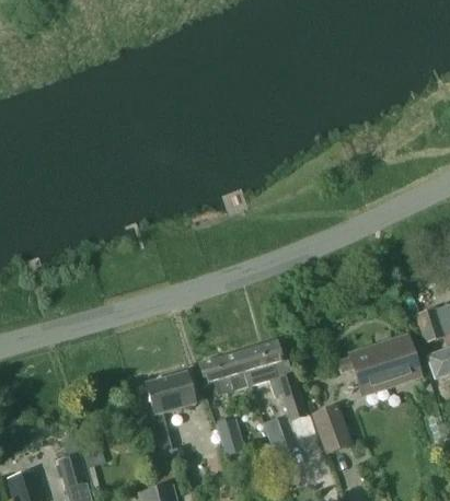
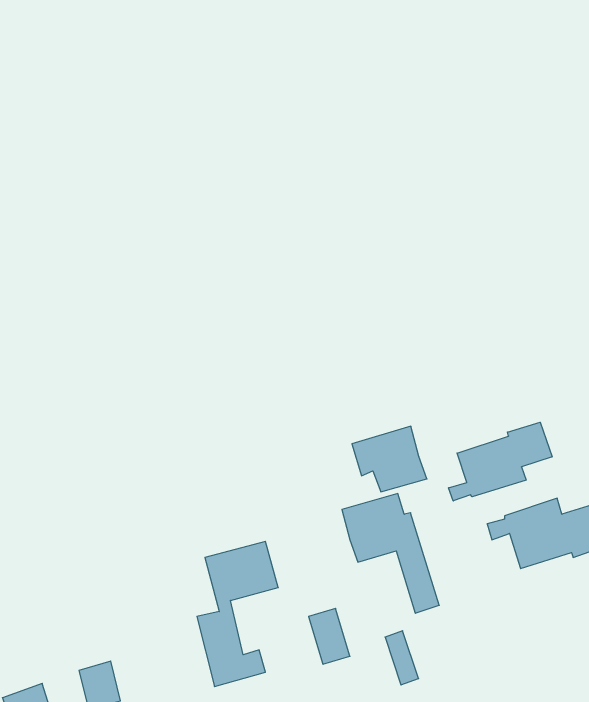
building: none -> [449,422,552,501]
building: [198,350,250,395] -> [352,426,427,492]
building: [308,404,353,456] -> none

